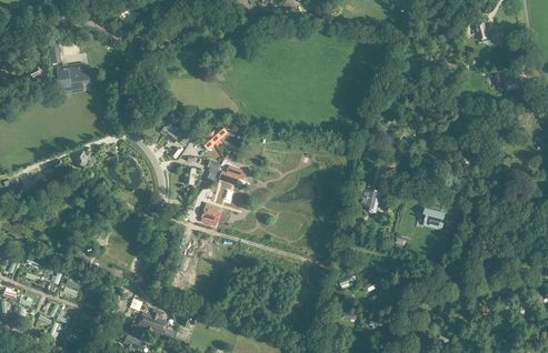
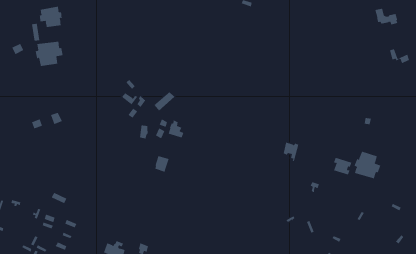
building: none -> [39,6,62,28]
building: none -> [354,151,381,179]

